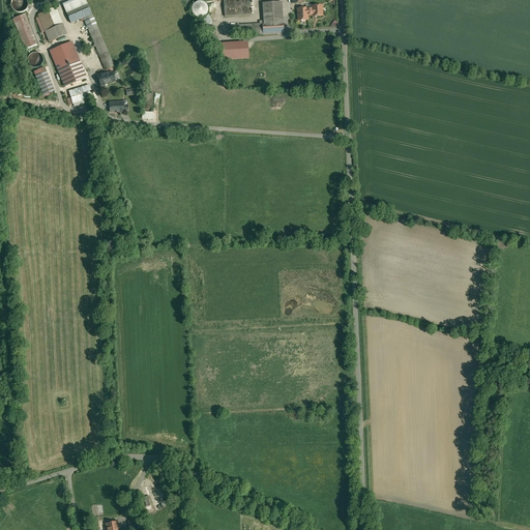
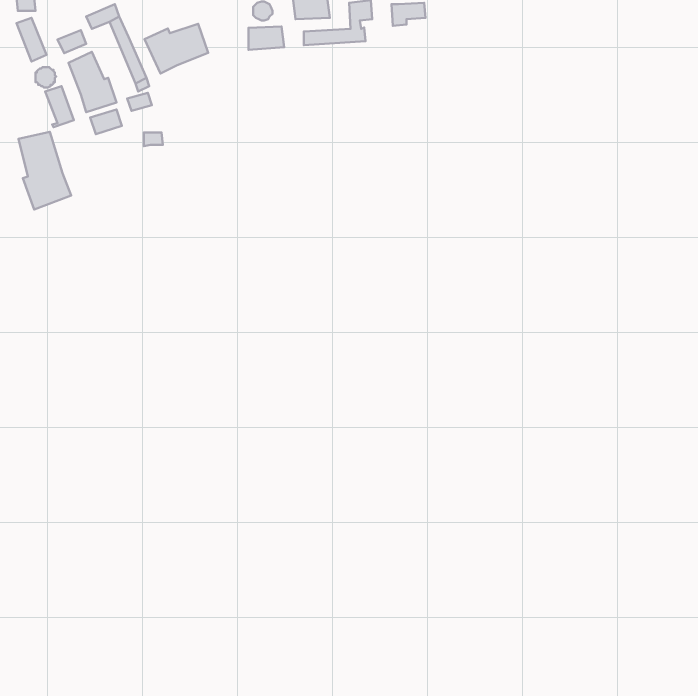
building: none -> [144,24,208,73]
building: [222,40,248,58] -> [249,27,284,50]
building: none -> [18,132,71,210]

